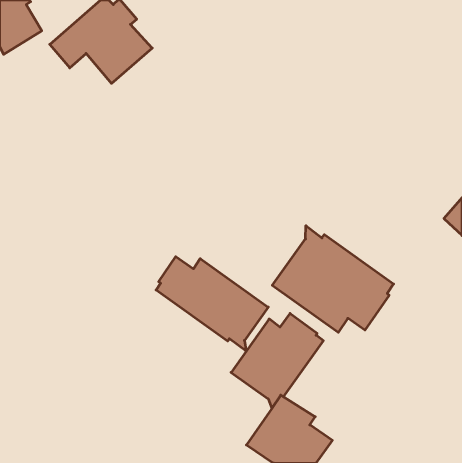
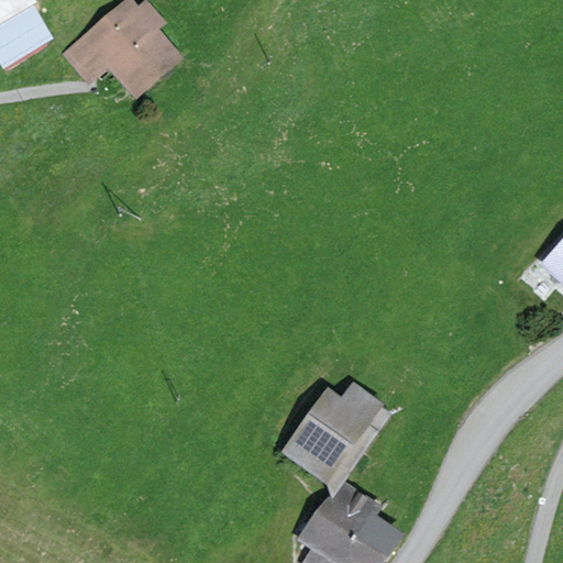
building: [272,226,394,332] -> none
building: [156,257,268,351] -> none

